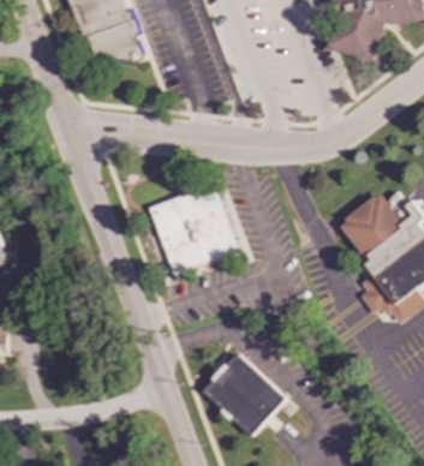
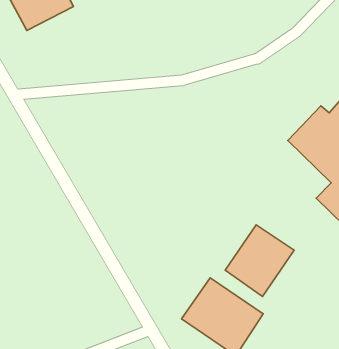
building: [150,185,237,271] -> none
building: none -> [225,225,294,297]

